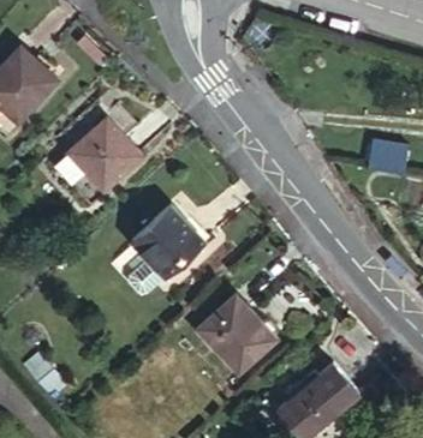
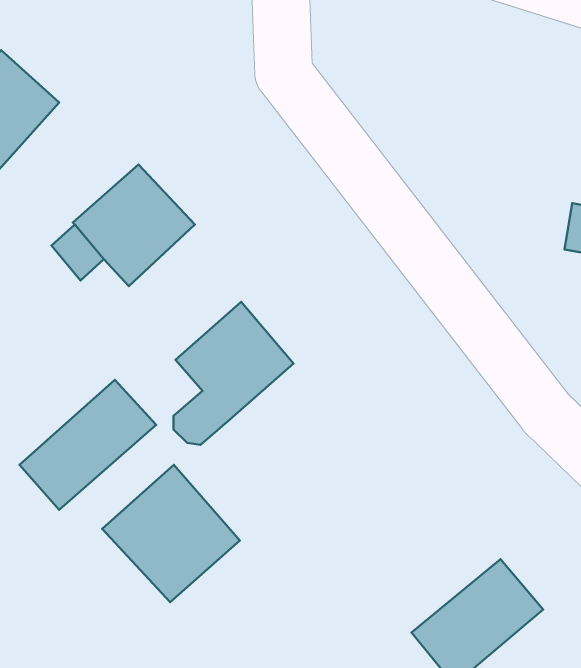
building: none -> [20,380,156,510]
building: [192,293,278,378] -> [102,465,240,602]

